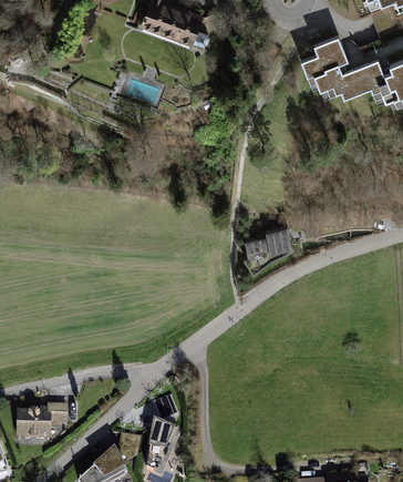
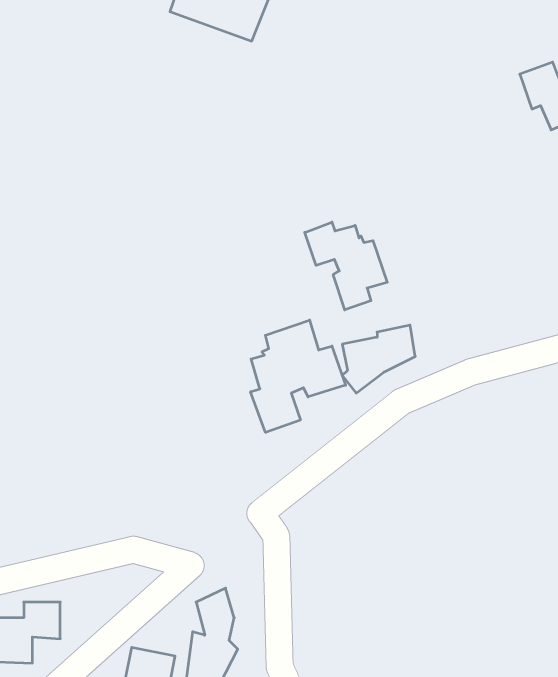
building: [303,35,366,98] -> none
building: none -> [305,222,387,310]
building: none -> [251,320,346,432]

